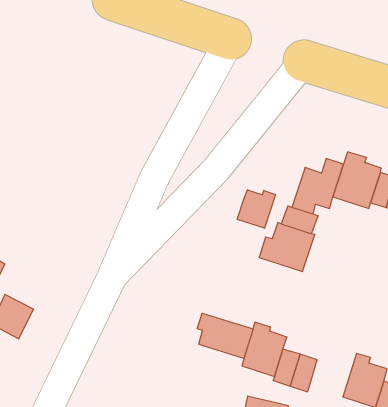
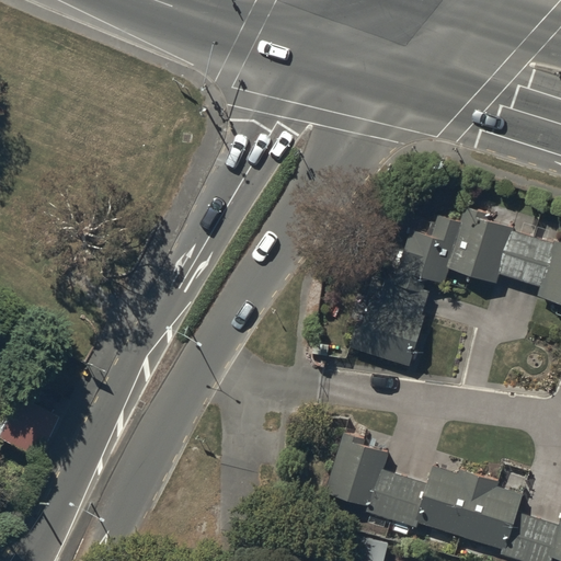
building: [237,190,275,228] -> none
building: [197,313,253,359] -> none
building: none -> [416,470,480,535]

